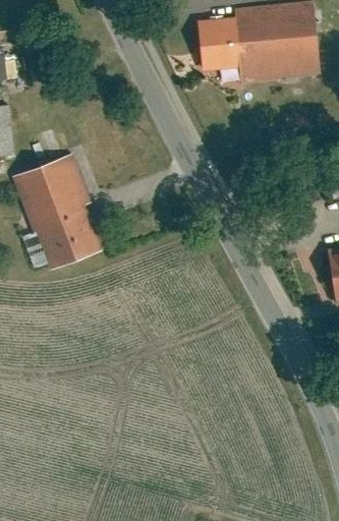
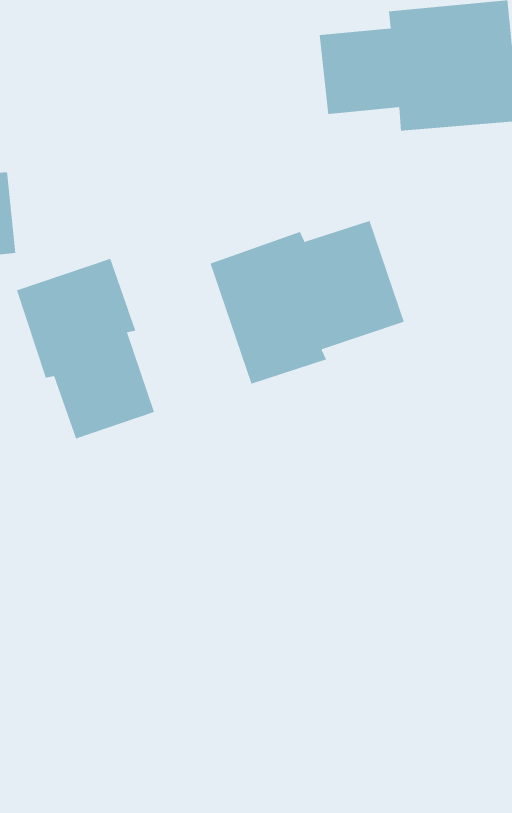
building: none -> [210,220,404,385]

